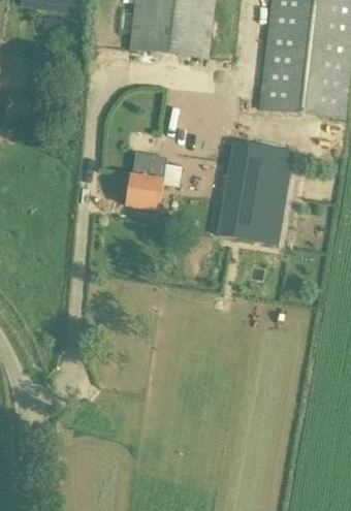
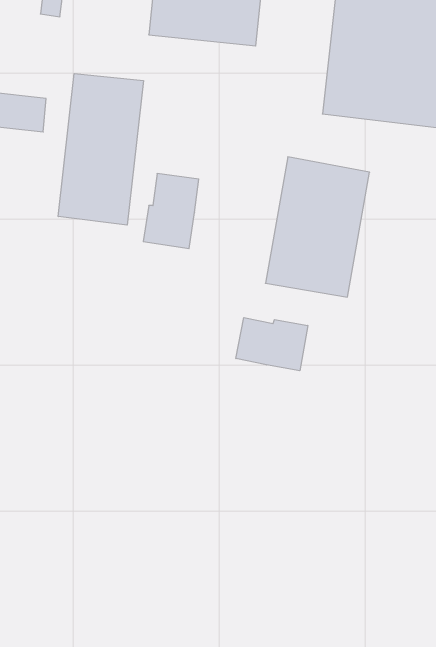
building: none -> [58,74,143,225]
building: none -> [236,318,308,371]

